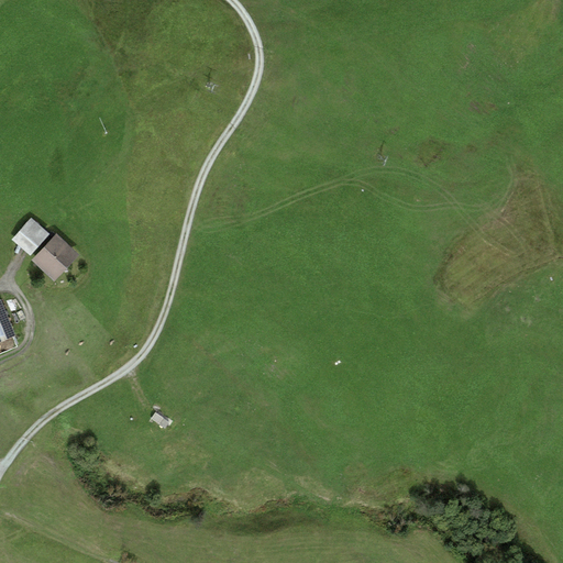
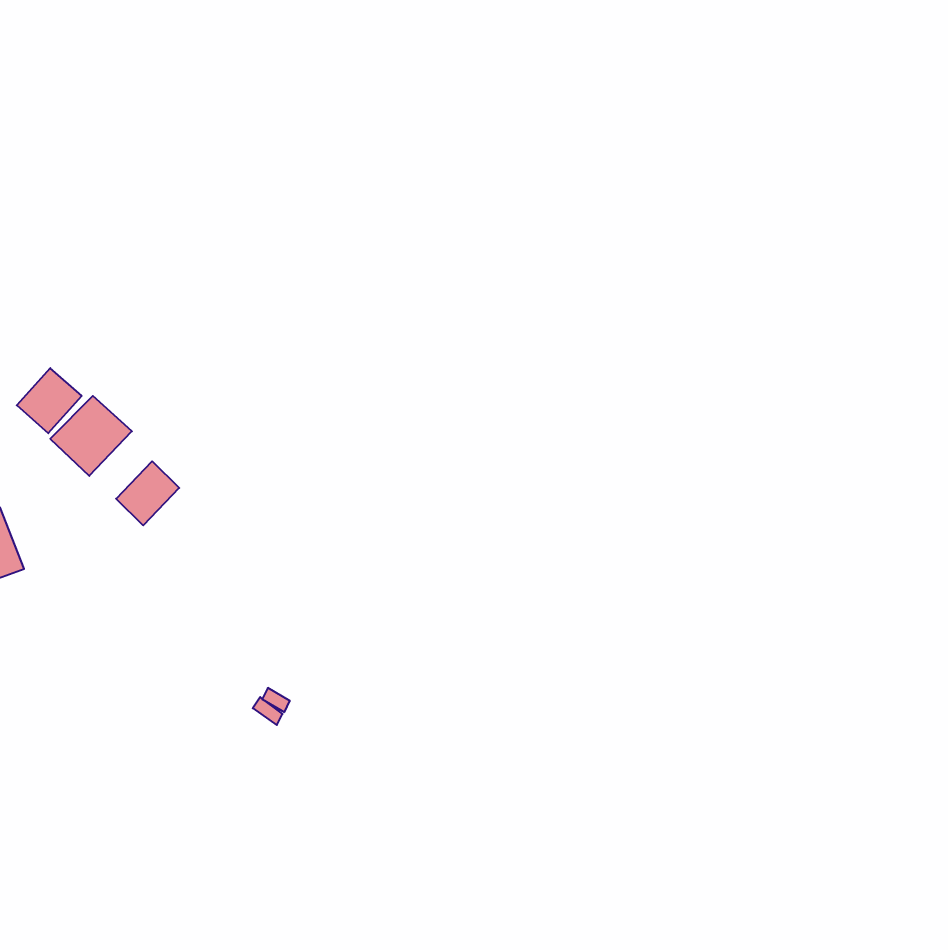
building: none -> [116,461,179,525]

